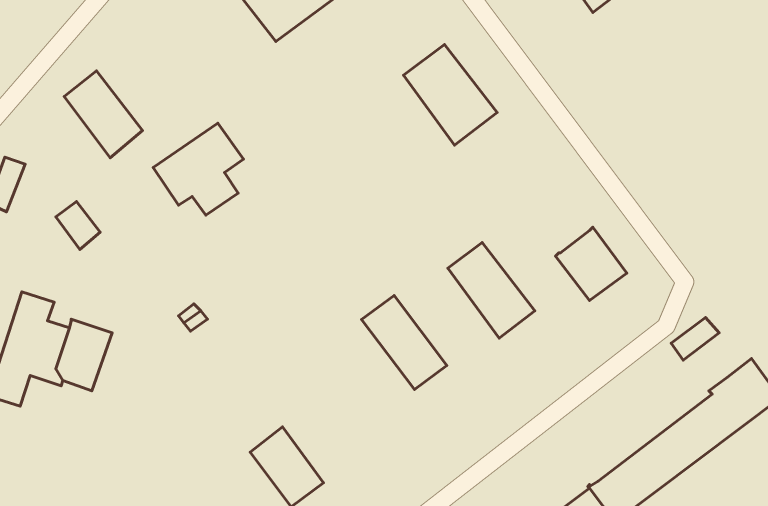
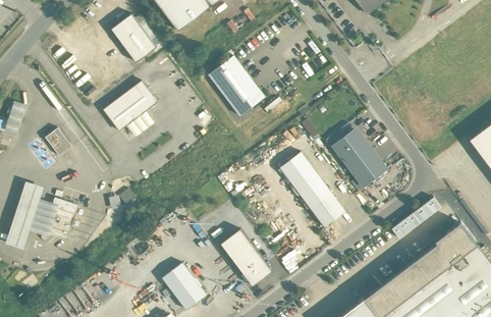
building: [403,44,497,145] -> [208,56,264,116]
building: [64,71,142,158] -> [107,11,154,63]
building: none -> [330,130,364,158]
building: [362,296,447,389] -> [220,229,271,285]
building: none -> [310,193,344,227]

